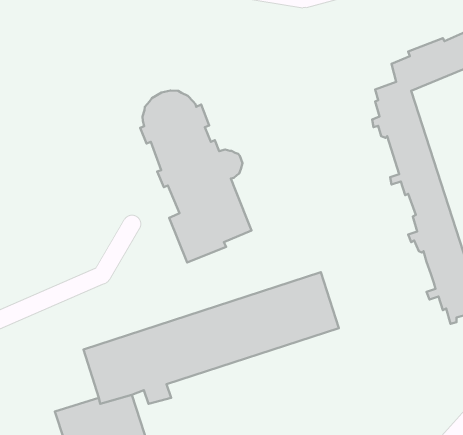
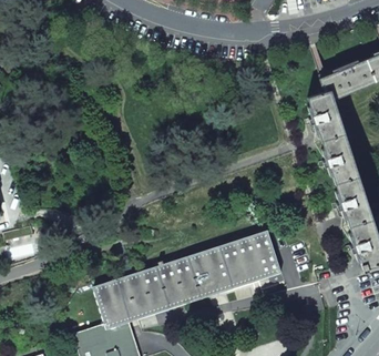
building: [140,90,252,262] -> none

